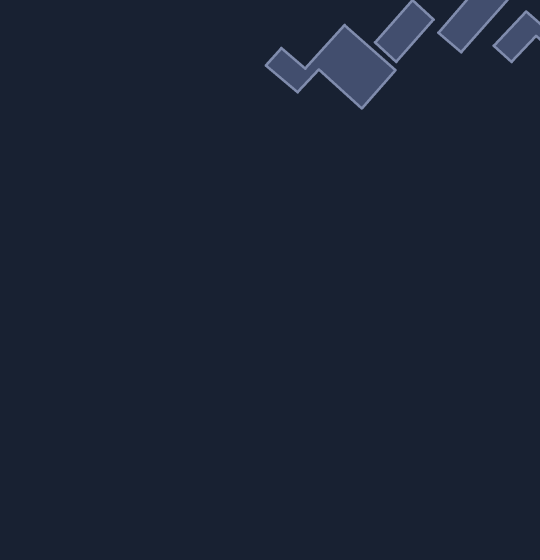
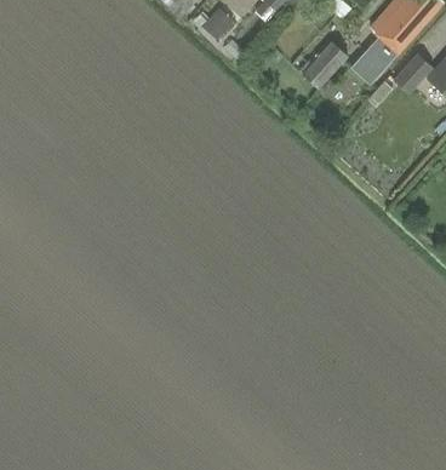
building: [266,25,395,108] -> none

